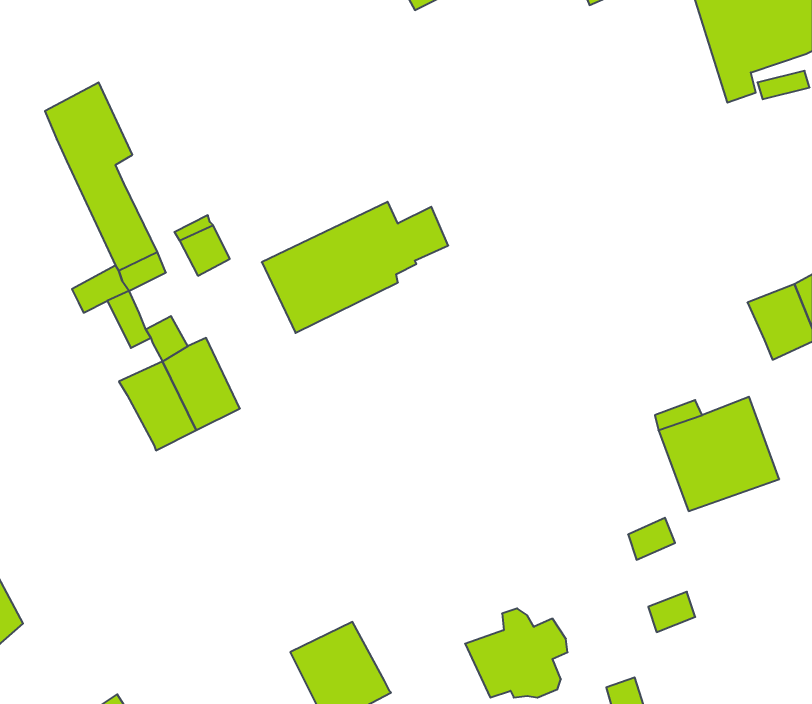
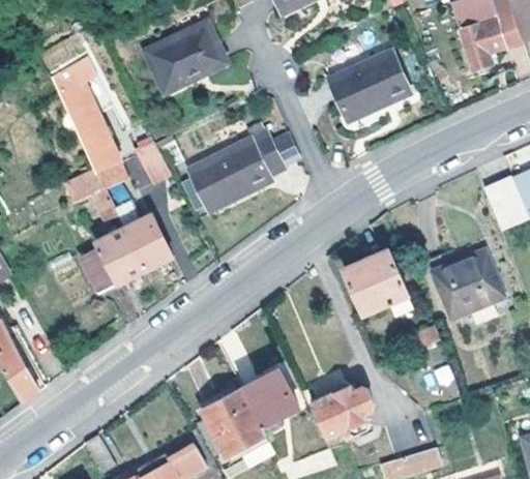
building: none -> [143,20,226,92]
building: none -> [326,50,406,122]
building: none -> [82,249,120,295]
building: none -> [345,251,408,316]
building: none -> [241,369,298,425]

